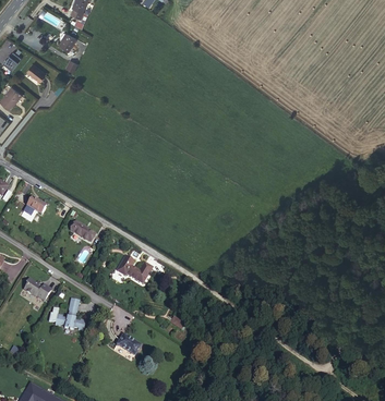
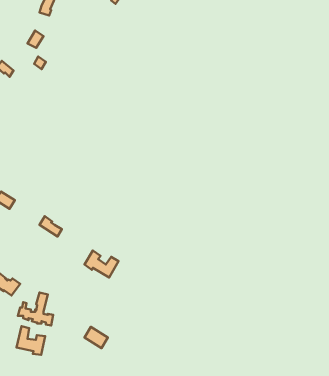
building: none -> [17,326,45,355]

